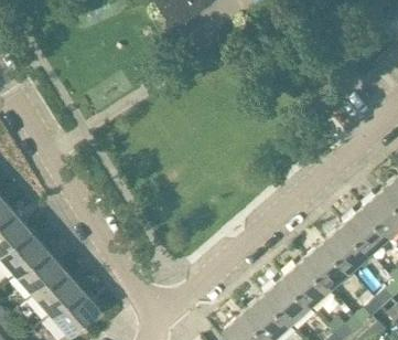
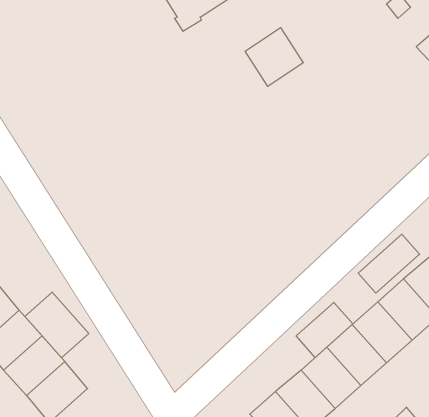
building: none -> [245,28,303,86]
building: none -> [358,234,420,293]
building: none -> [25,292,89,358]
building: none -> [296,302,353,357]

